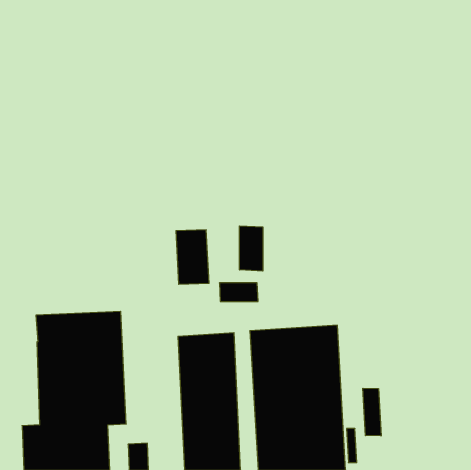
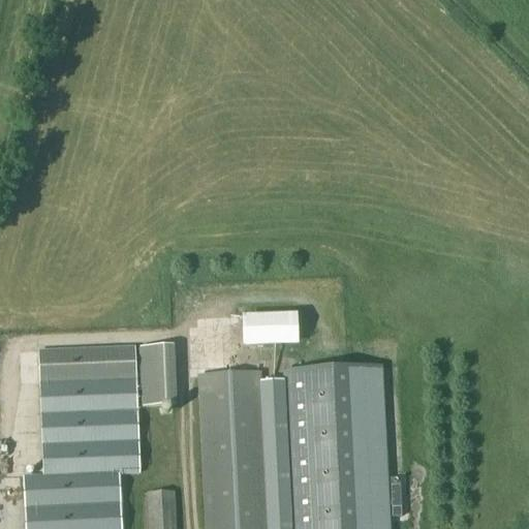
building: [240,226,263,271] -> none
building: [176,230,209,284] -> [137,347,175,408]
building: [363,388,381,436] -> none

